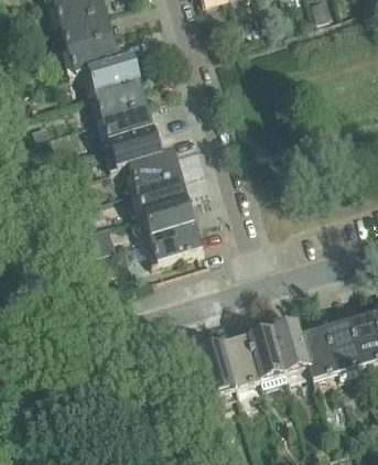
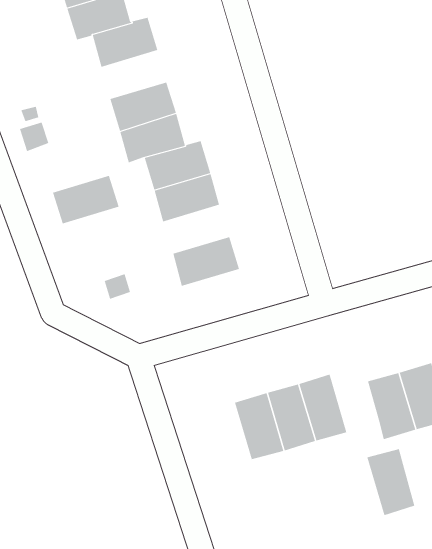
building: [94,75,144,112] -> none
building: [141,194,193,231] -> [52,175,120,224]
building: [270,317,307,369] -> [367,449,415,516]

